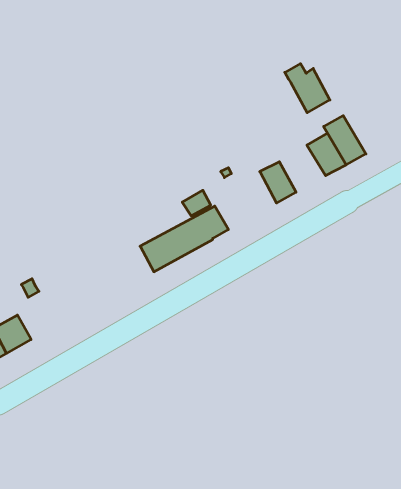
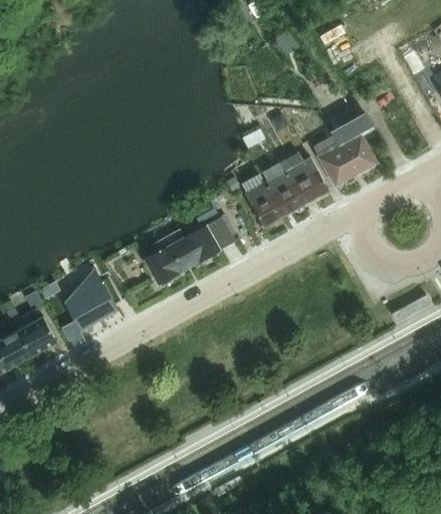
building: [285,64,330,113] -> [281,151,327,201]
building: none -> [245,180,284,224]
building: none -> [61,278,115,327]
building: none -> [19,313,57,351]

